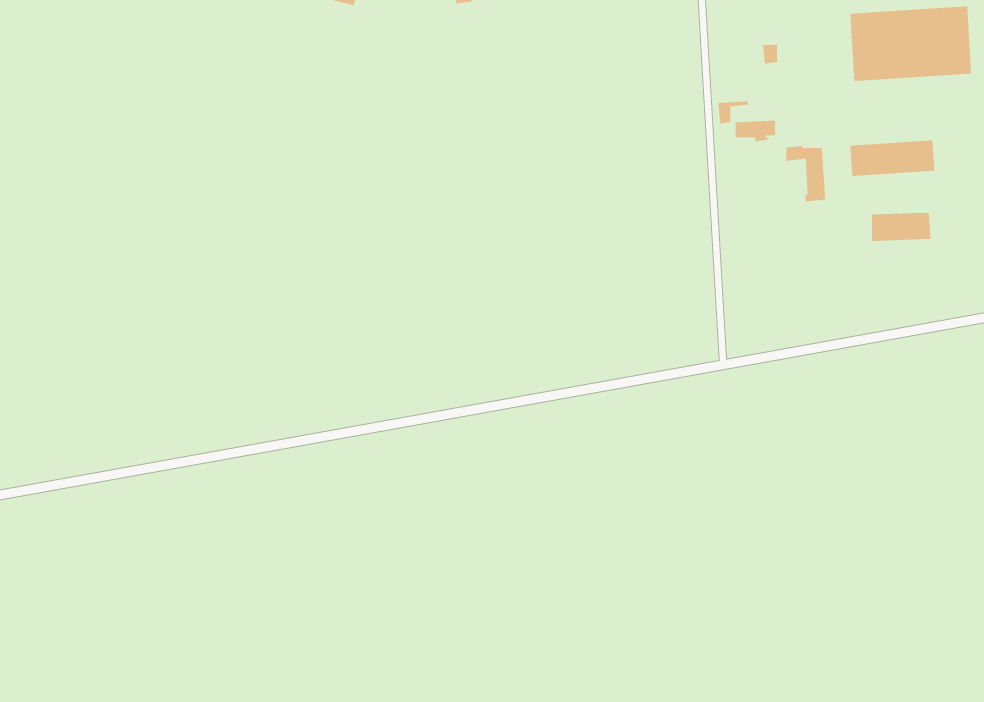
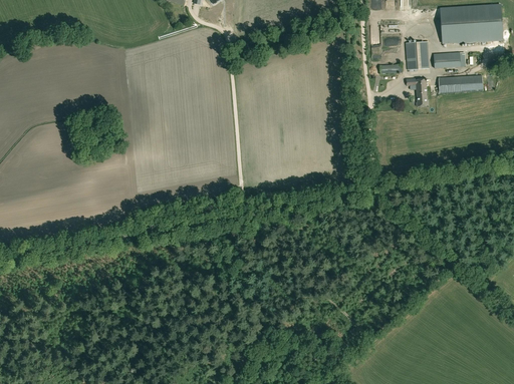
building: none -> [407,40,430,69]
building: [871,212,931,241] -> [435,52,466,67]

